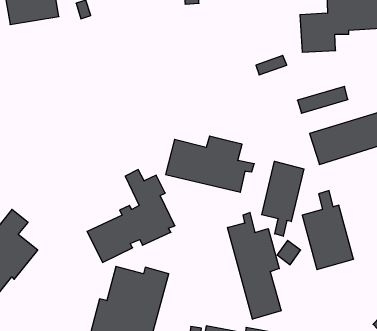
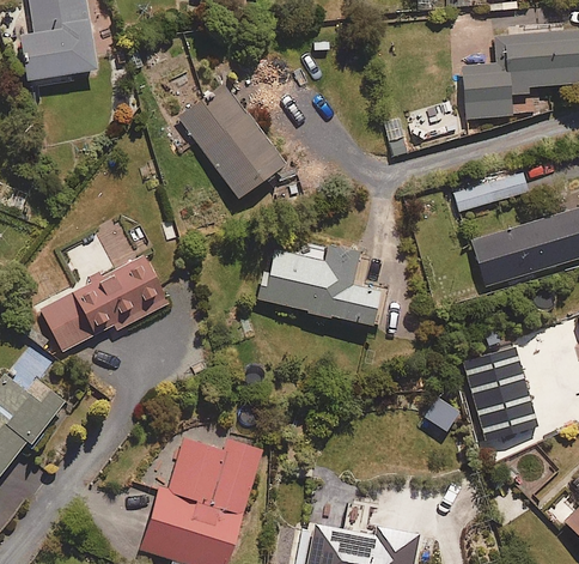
building: none -> [182,81,288,196]
building: [262,161,304,236] -> none
building: [87,170,175,262] -> [39,216,169,352]
building: [228,212,281,319] -> none

